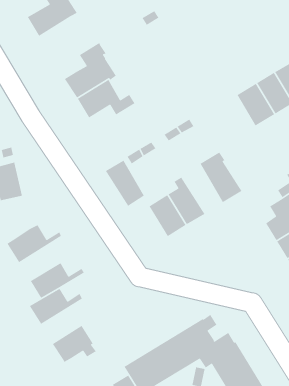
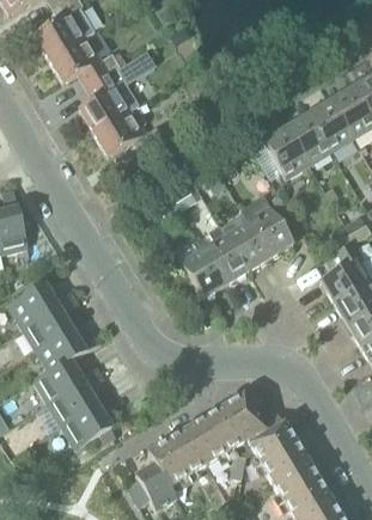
building: none -> [48,32,121,80]
building: none -> [262,126,307,177]
building: [104,156,145,207] -> [219,208,268,269]
building: none -> [24,295,79,349]
building: none -> [50,371,105,424]

